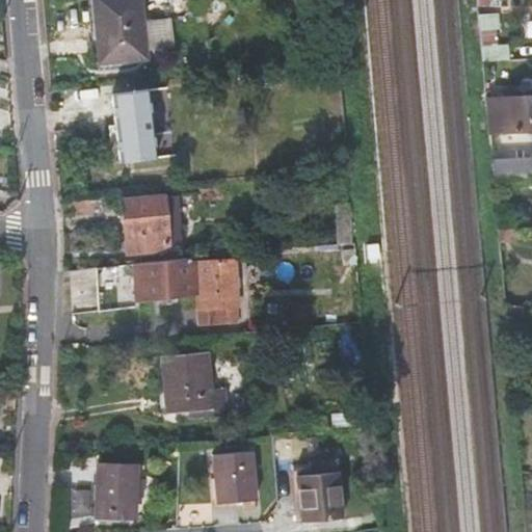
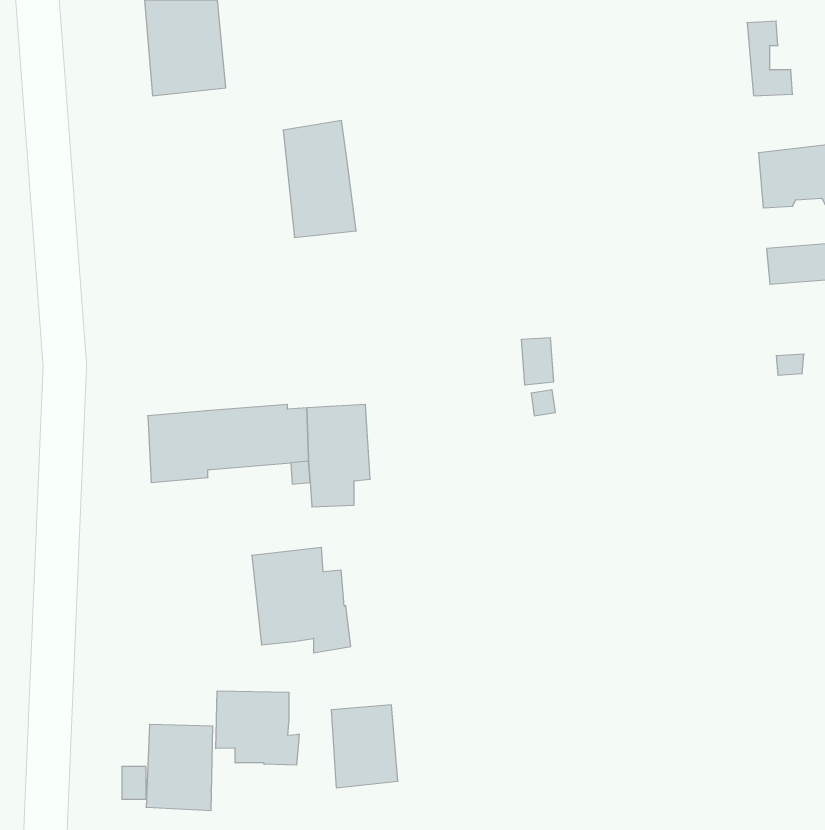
building: [112,87,159,162] -> [283,120,356,237]
building: [123,195,170,252] -> none
building: none -> [216,691,299,765]
building: [297,462,344,523] -> none

